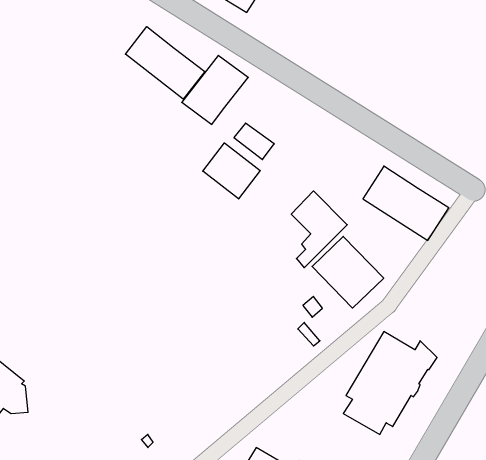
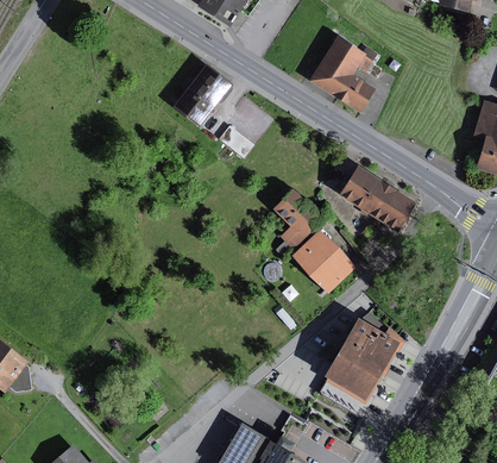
building: none -> [307,37,377,114]
building: [125,27,205,99] -> none
building: [203,143,260,199] -> none

